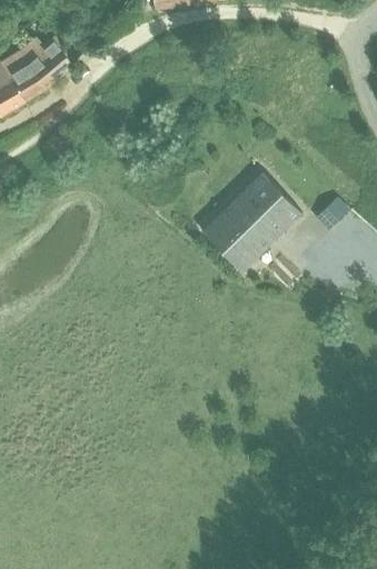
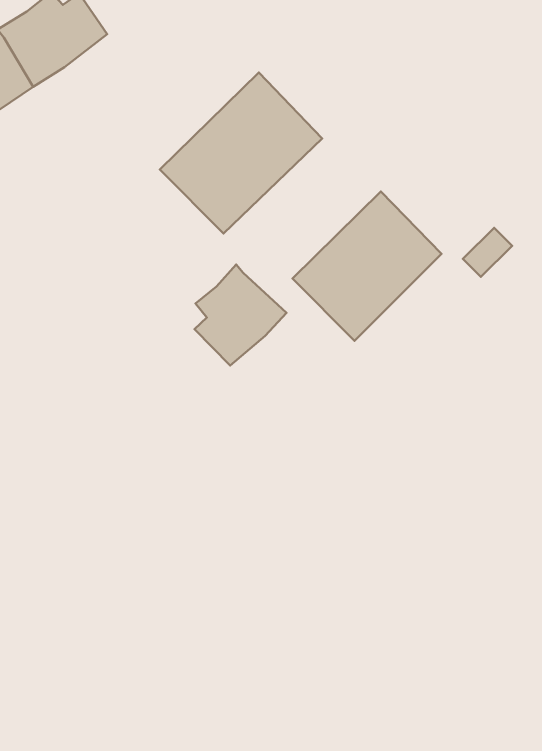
building: none -> [160,72,322,234]
building: none -> [194,265,287,366]

